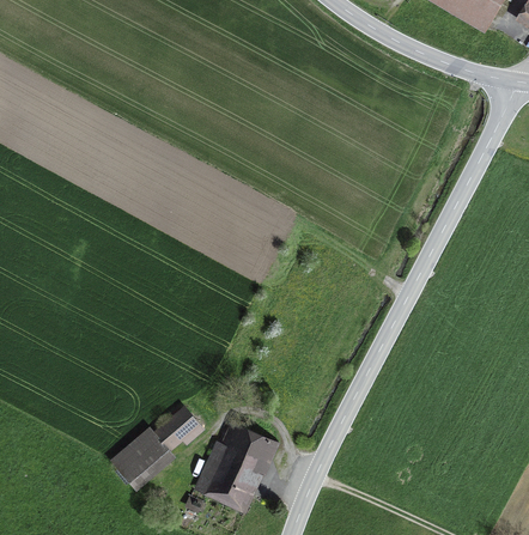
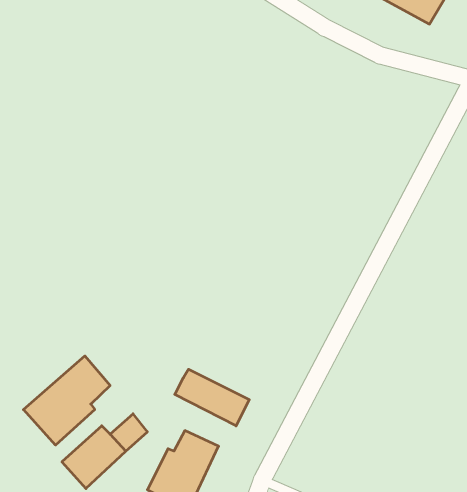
building: none -> [23,356,110,445]
building: none -> [175,369,249,426]

